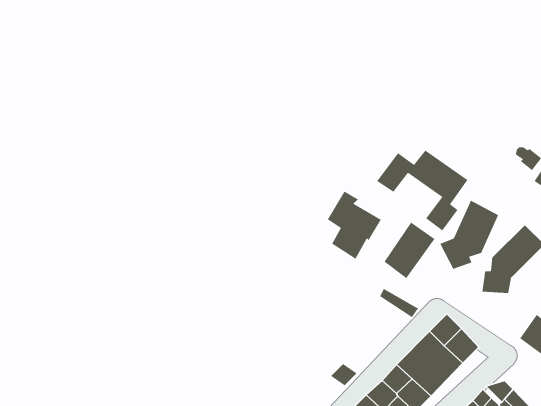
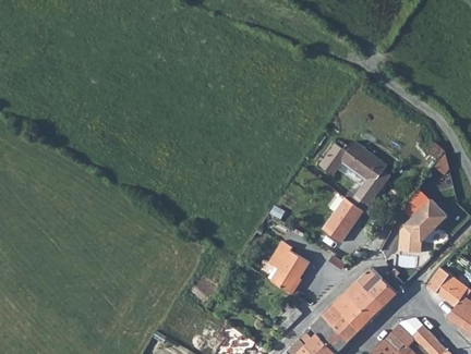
building: [327,190,382,260] -> [268,240,310,292]
building: [439,199,499,270] -> none

